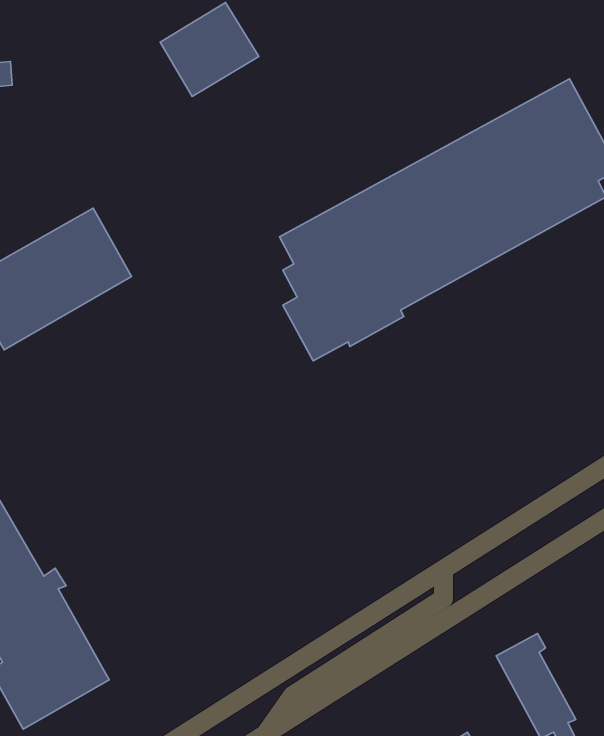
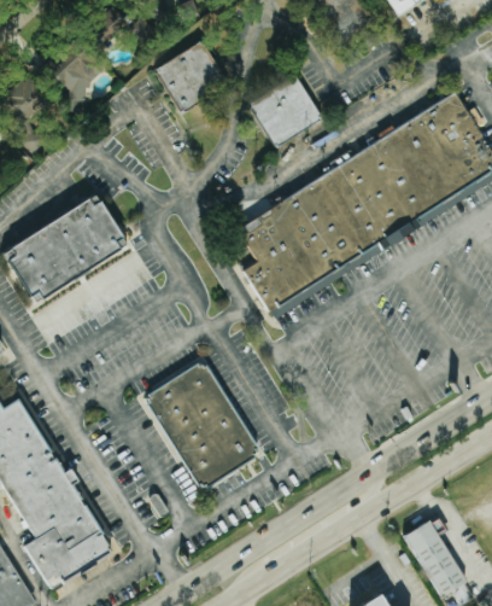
building: none -> [48,46,104,100]
building: none -> [250,76,321,144]
building: none -> [145,359,259,488]

